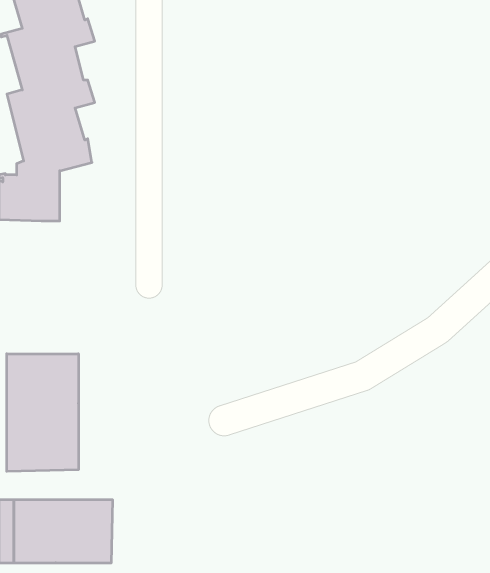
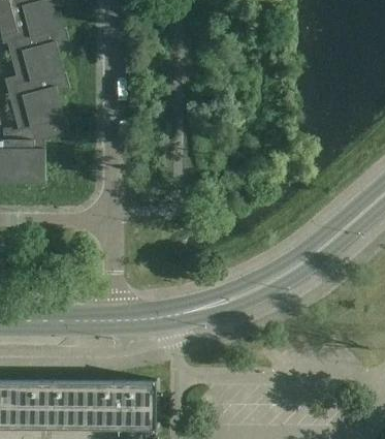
building: [7,354,78,471] -> none
building: none -> [83,381,157,431]

